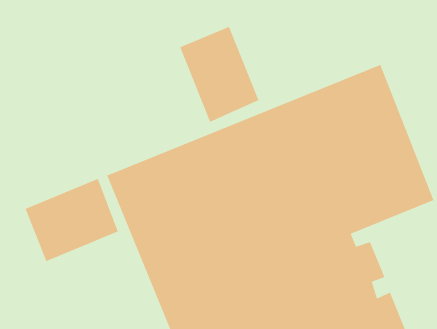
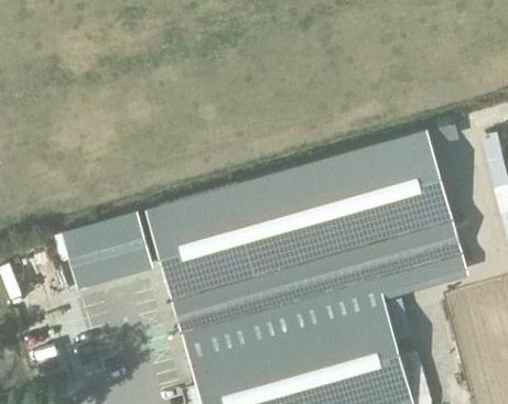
building: [179,26,259,123] -> none

